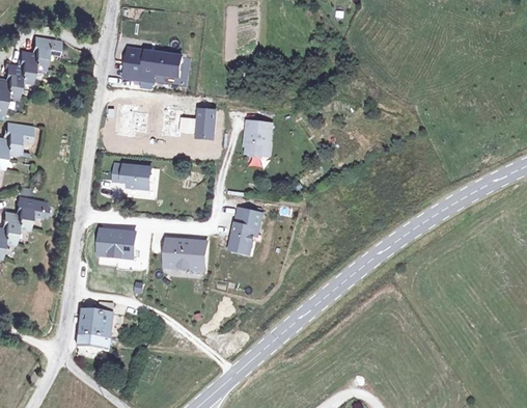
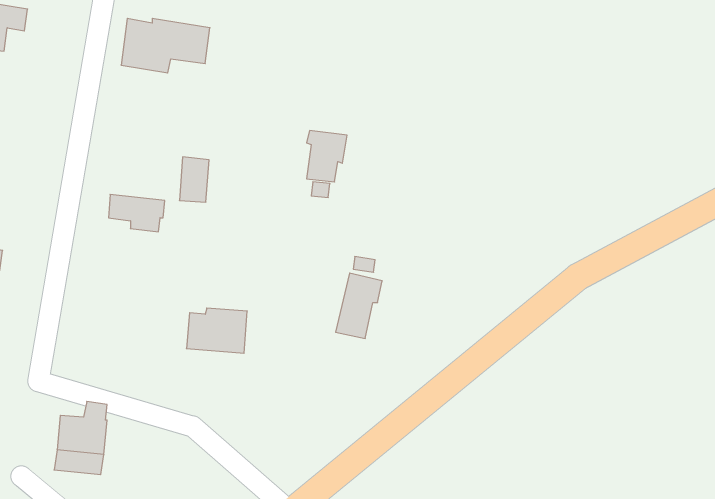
building: [195,109,215,139] -> [179,157,209,202]
building: [229,209,260,252] -> [336,273,382,338]
building: [95,228,135,259] -> none

